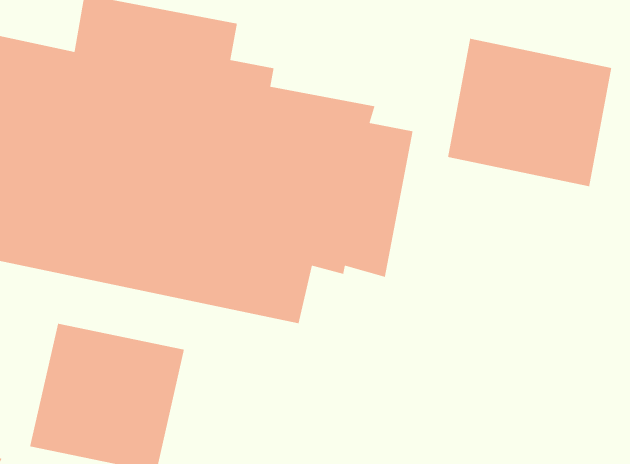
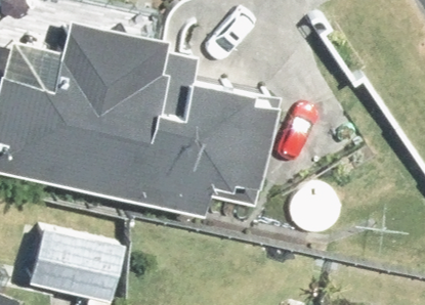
building: [447,38,612,187] -> none

